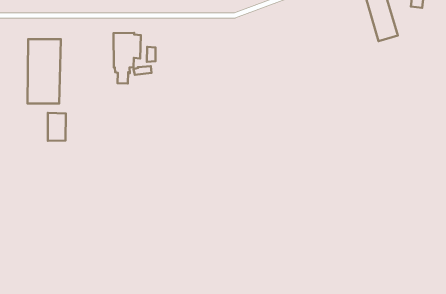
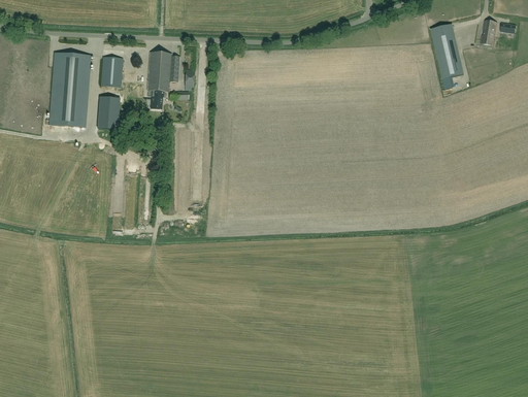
building: none -> [100,57,122,87]
building: [48,113,66,141] -> [96,96,118,128]

